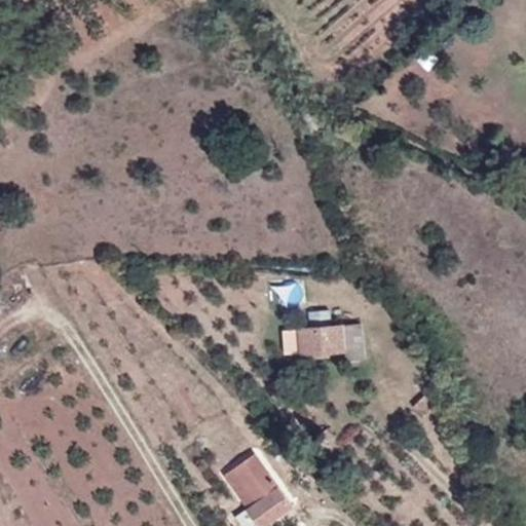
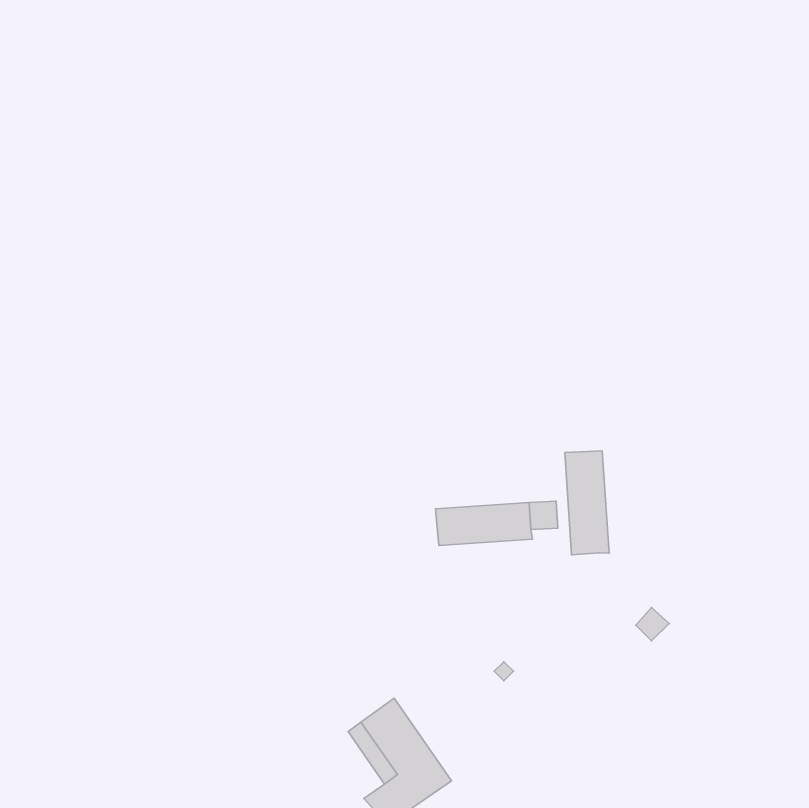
building: none -> [565,451,609,555]

